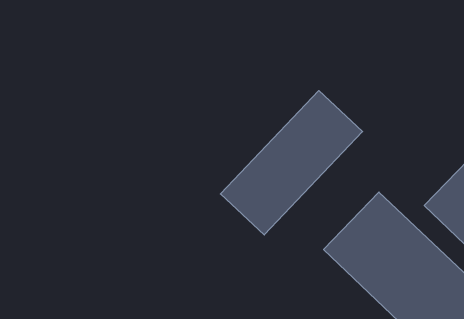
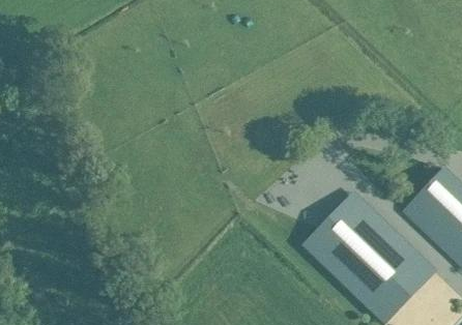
building: [220,91,363,235] -> none

